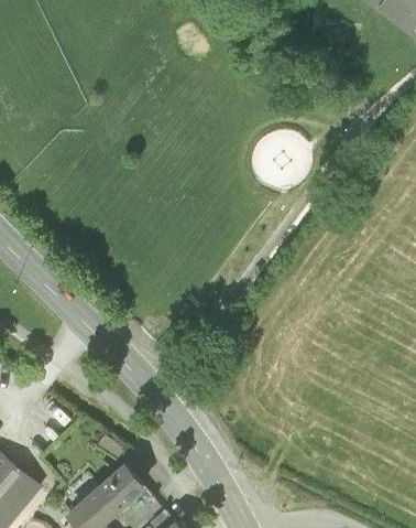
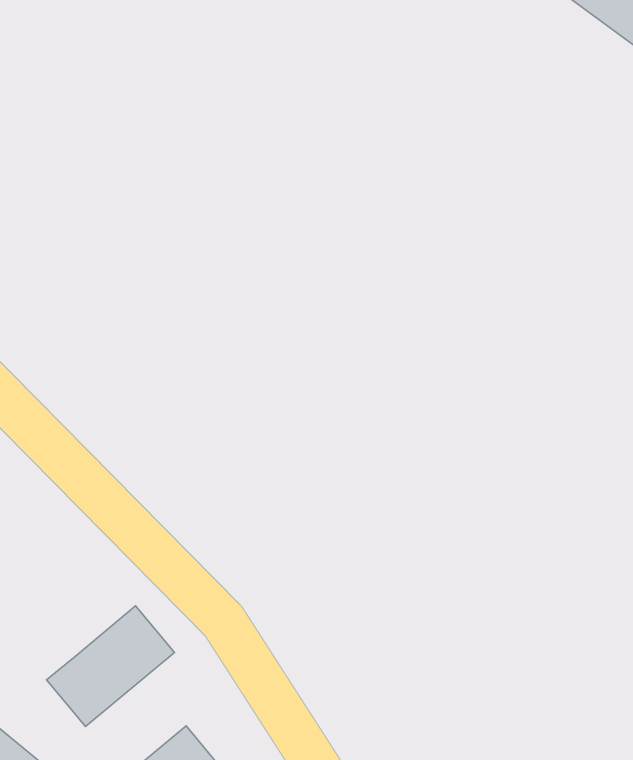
building: none -> [47,606,174,727]

